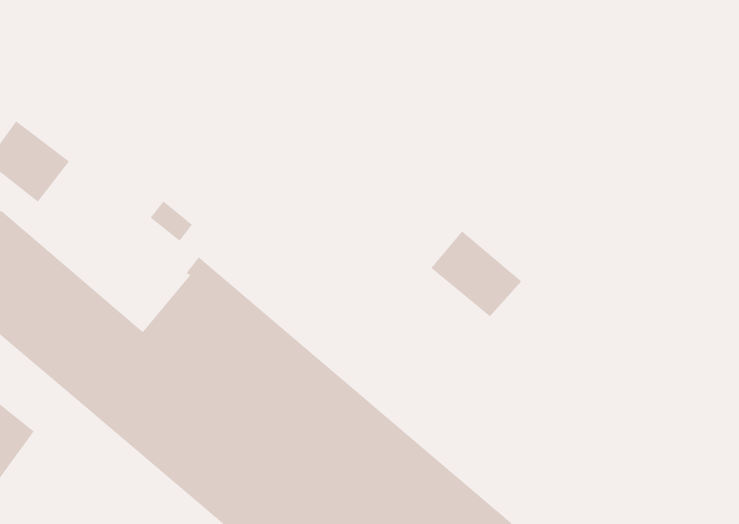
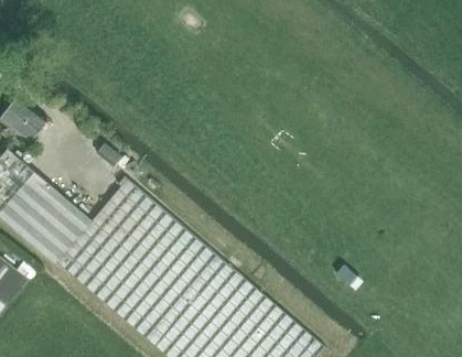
building: [431,230,522,317] -> none

